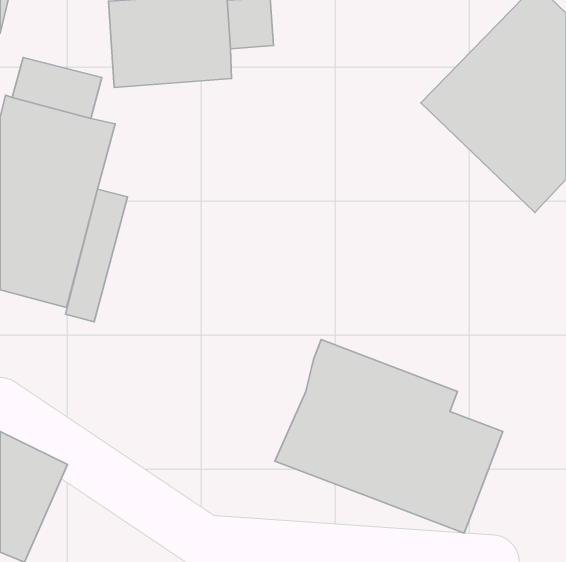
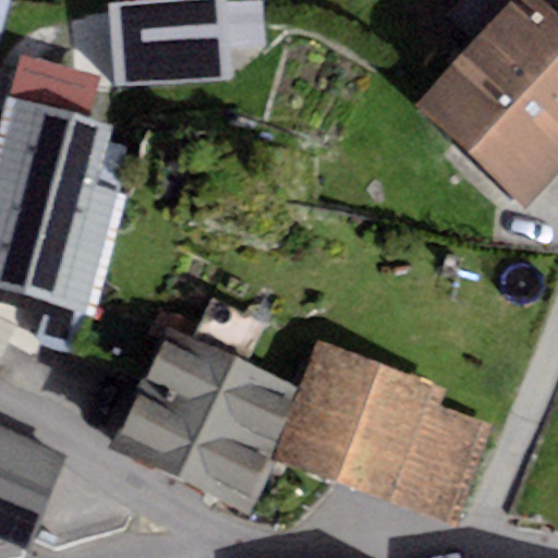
building: none -> [108,326,301,511]

